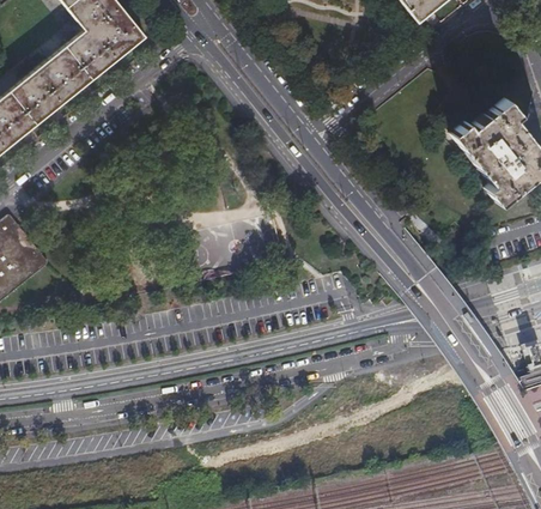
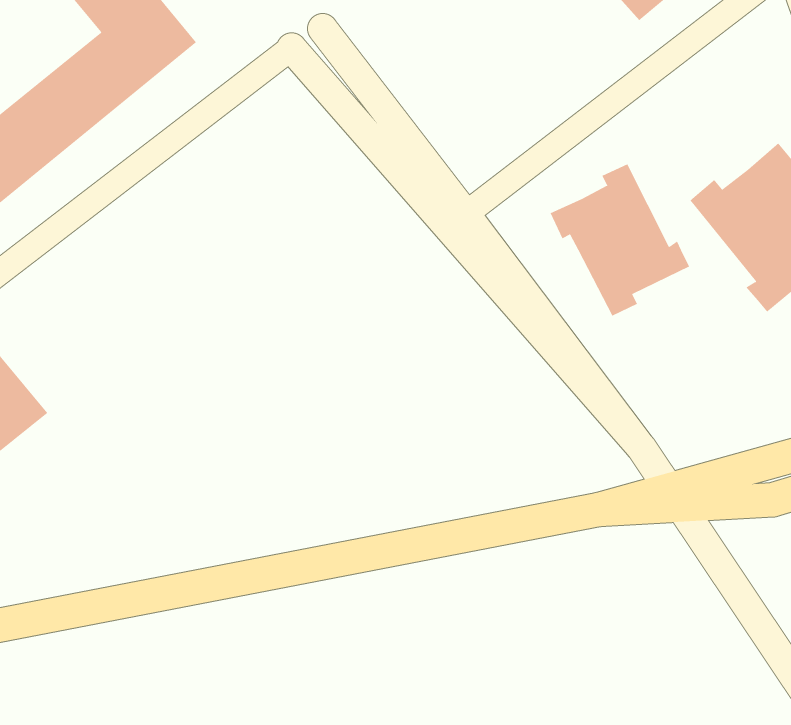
building: none -> [550,163,690,316]

